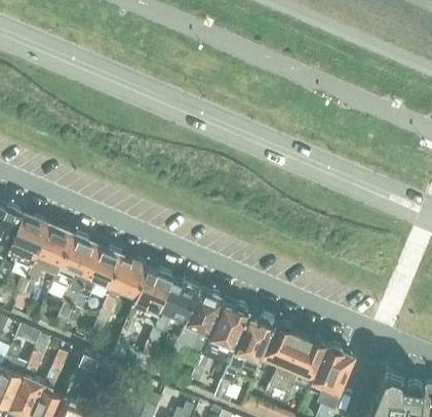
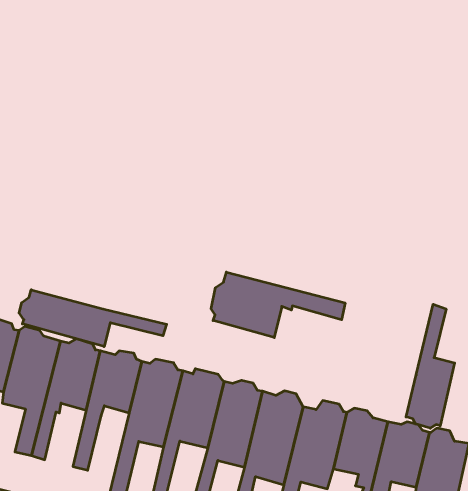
building: none -> [19,290,167,347]
building: none -> [211,272,345,338]
building: none -> [406,304,455,428]

